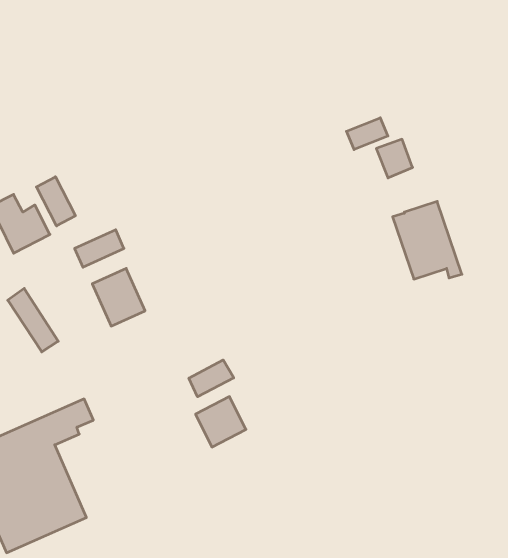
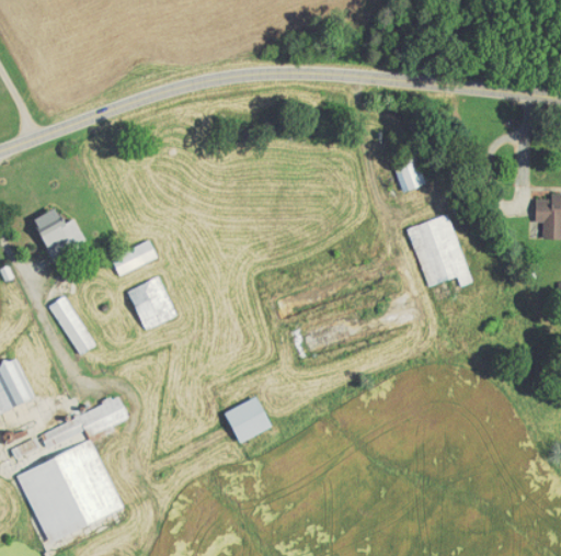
building: [346,118,388,150] -> none
building: [36,177,75,226] -> none
building: [189,360,234,397] -> none

